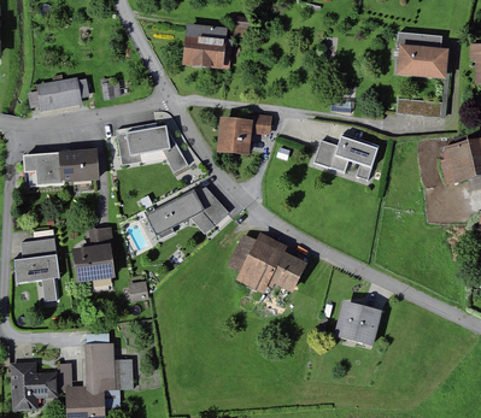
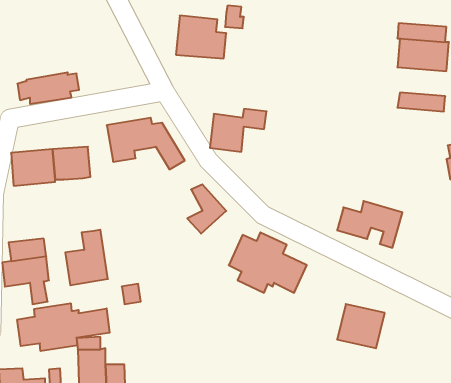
building: [315,135,377,179] -> [337,201,402,248]
building: [148,192,207,237] -> none
building: none -> [17,303,110,351]

